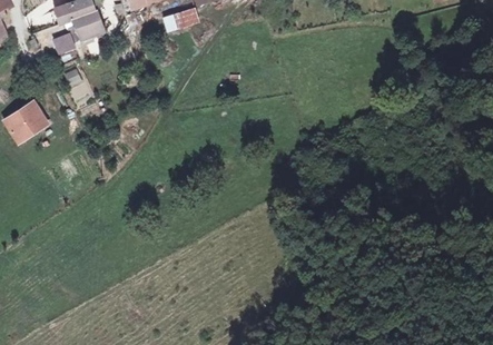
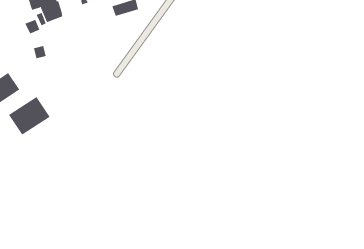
building: none -> [8,96,50,136]

